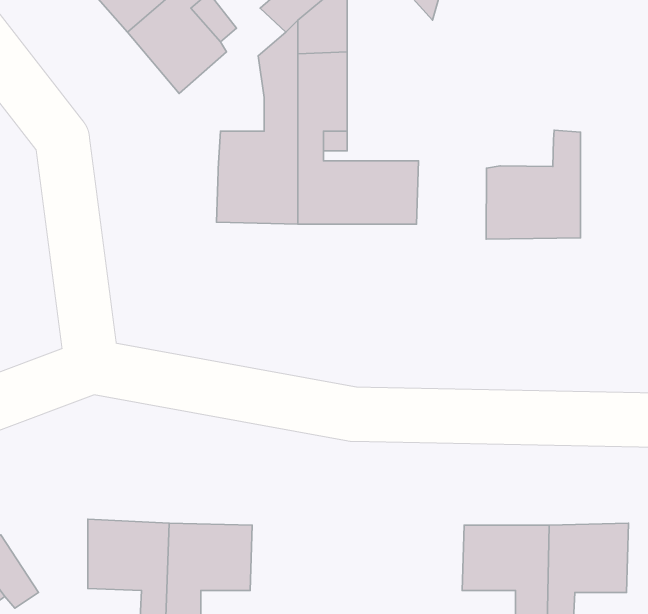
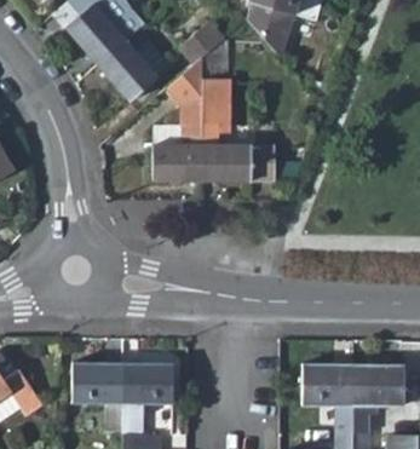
building: [486,130,580,239] -> none

